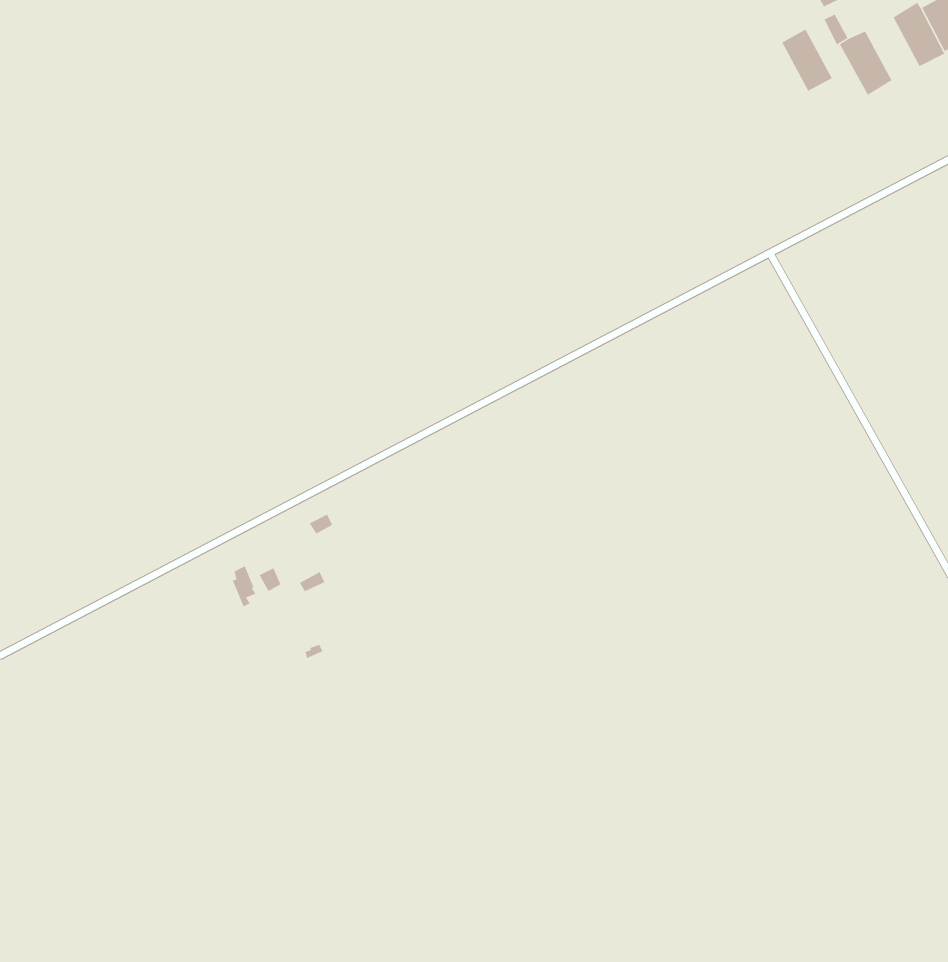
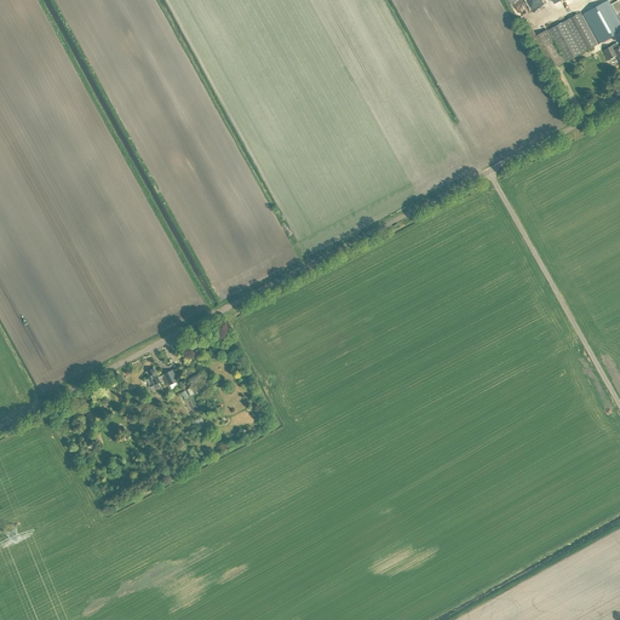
building: [781,29,833,92] -> [568,11,601,51]

